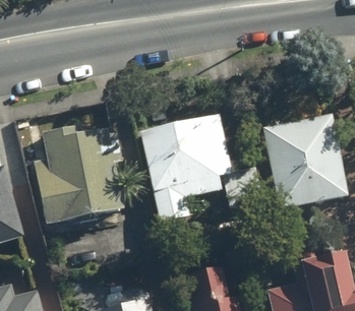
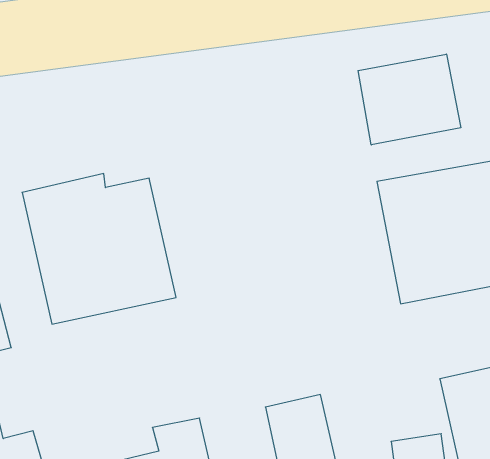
building: none -> [358,54,461,145]
building: [141,120,257,223] -> none

